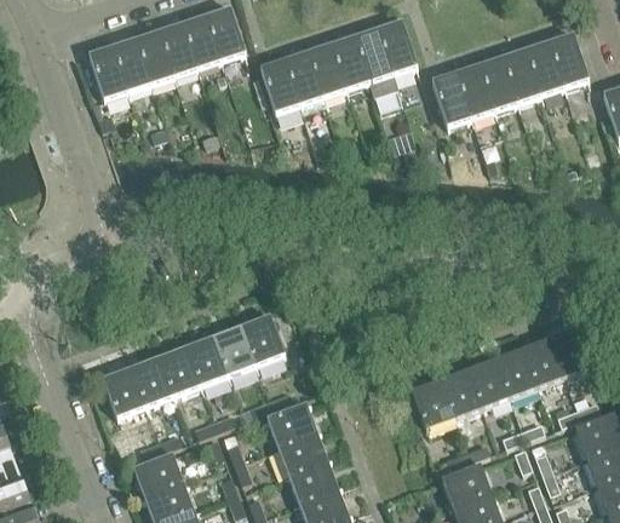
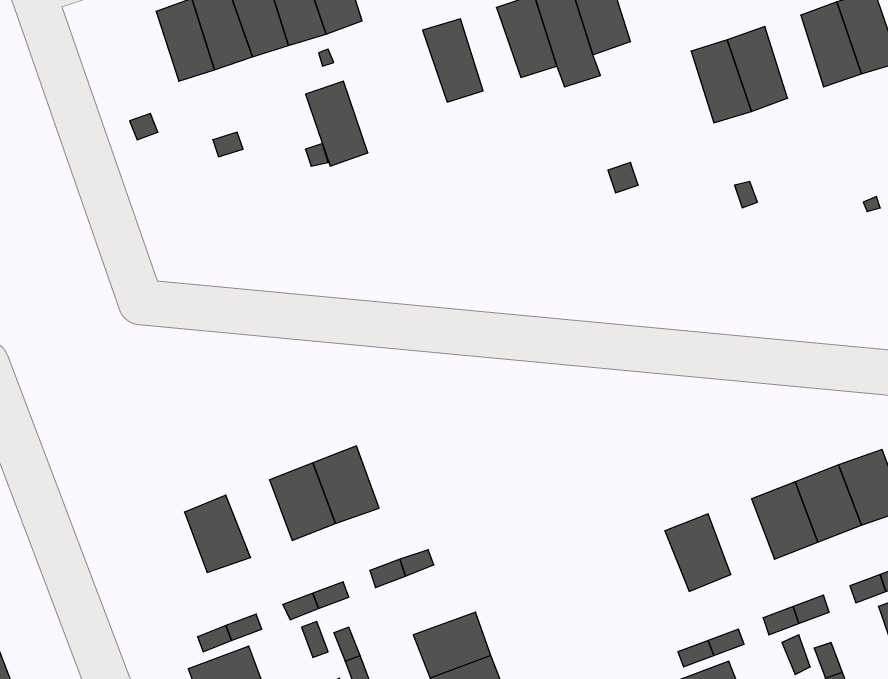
building: [308,44,346,97] -> none
building: [88,46,127,99] -> none
building: [503,48,540,102] -> none
building: [259,58,299,113] -> [306,81,368,166]
building: [431,71,470,126] -> none
building: [241,315,285,364] -> none
building: [157,346,200,396] -> none
building: [466,358,509,407] -> none
building: [102,367,145,416] -> none
building: [412,379,454,429] -> none
building: [266,402,317,446] -> none

